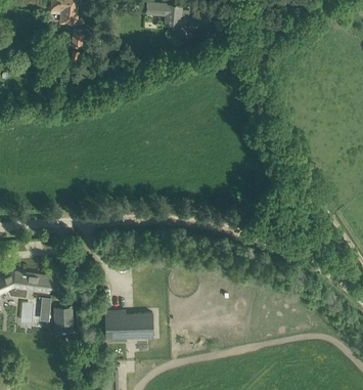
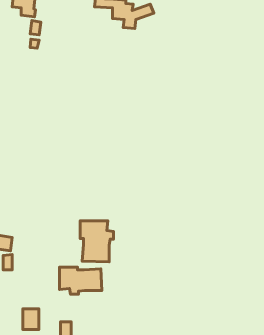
building: none -> [80,221,113,262]
building: [53,308,72,332] -> [23,309,39,330]

